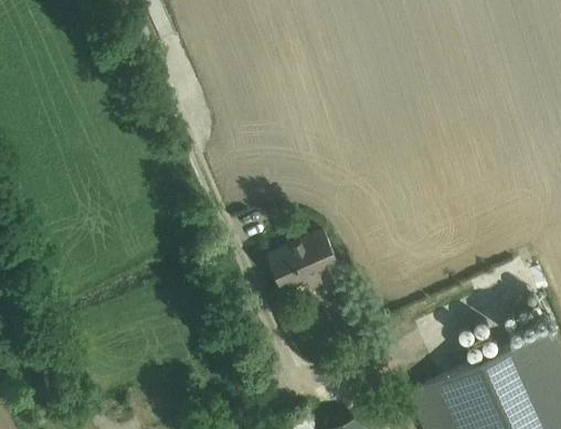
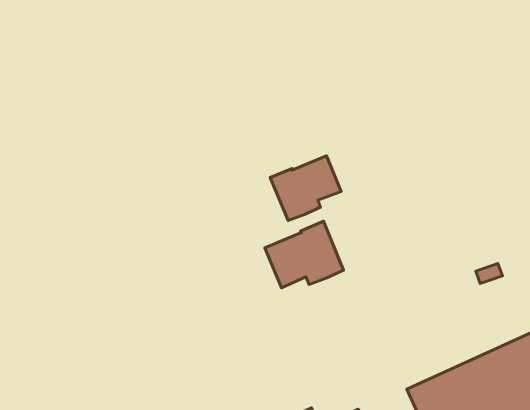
building: none -> [270,156,341,221]

